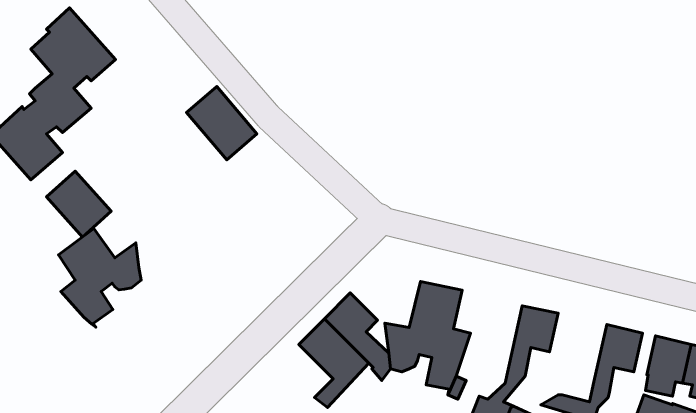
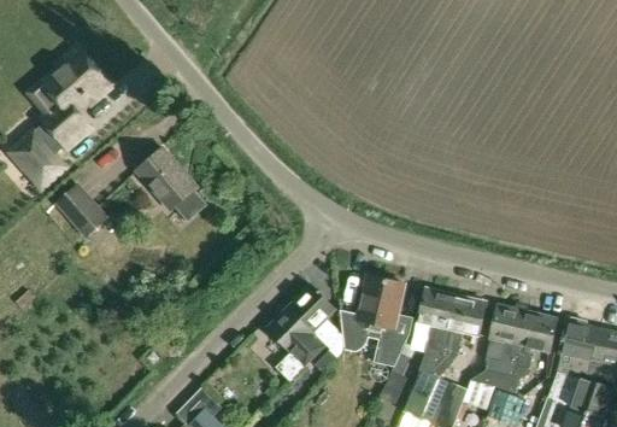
building: [187,87,257,160] -> [137,147,196,209]
building: [59,228,141,327] -> none
building: none -> [418,288,456,374]
building: none -> [484,305,527,376]

